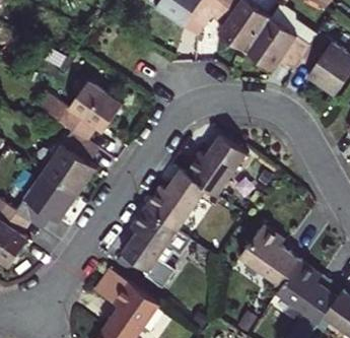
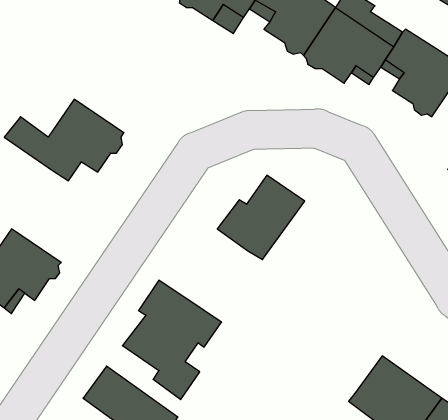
building: [43,132,95,196] -> none
building: [145,168,207,229] -> none
building: [238,224,300,287] -> none

